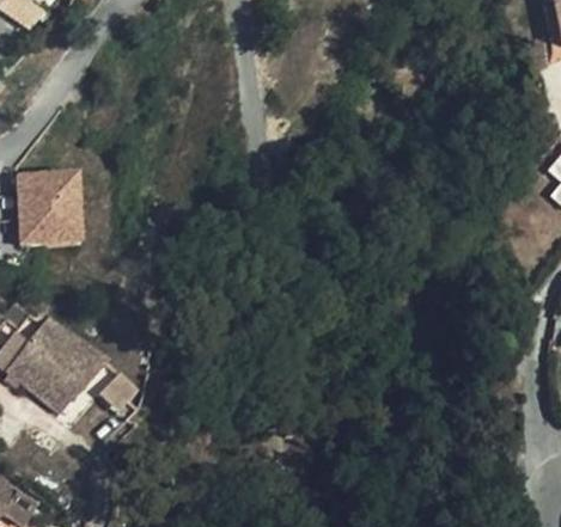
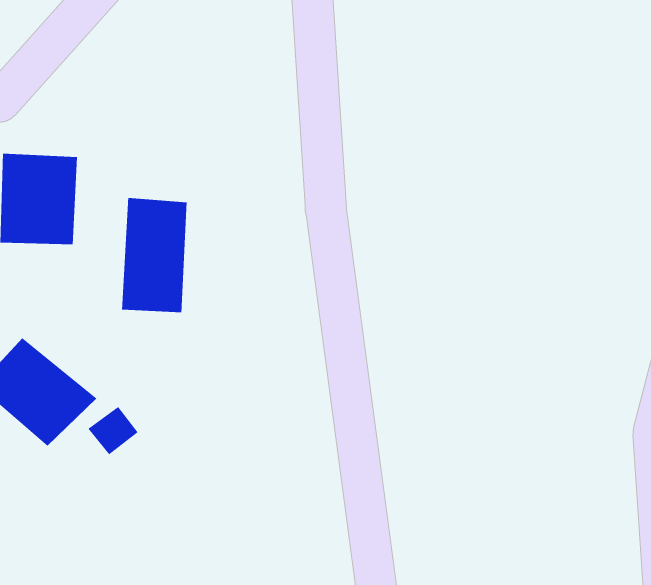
building: none -> [122,197,187,313]

